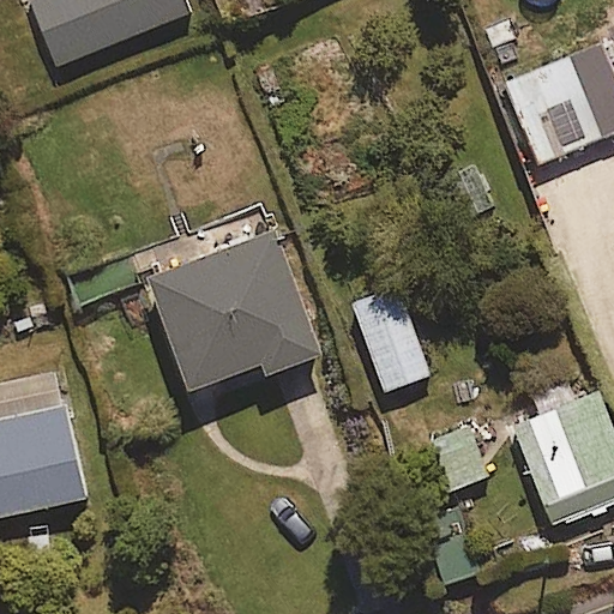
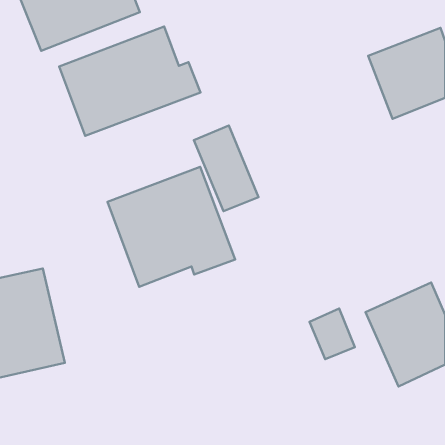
building: none -> [59,26,201,136]
building: [348,279,437,397] -> [194,125,258,211]

